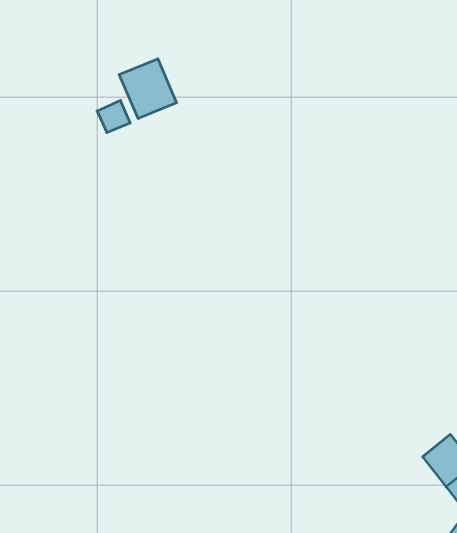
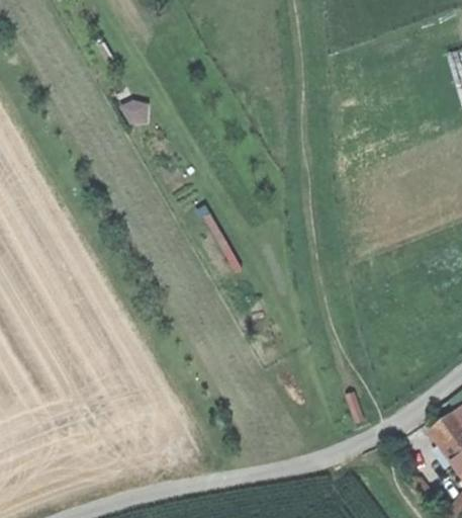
building: [119,59,177,119] -> none

